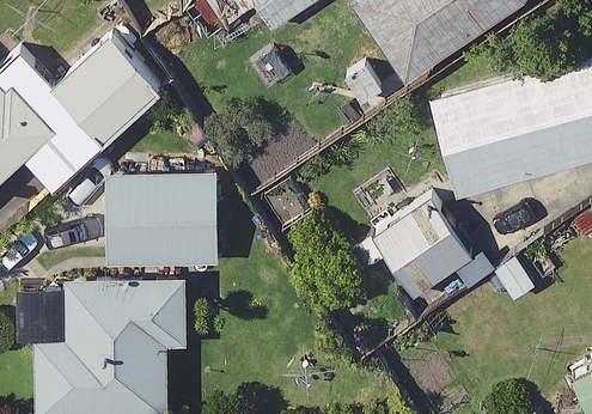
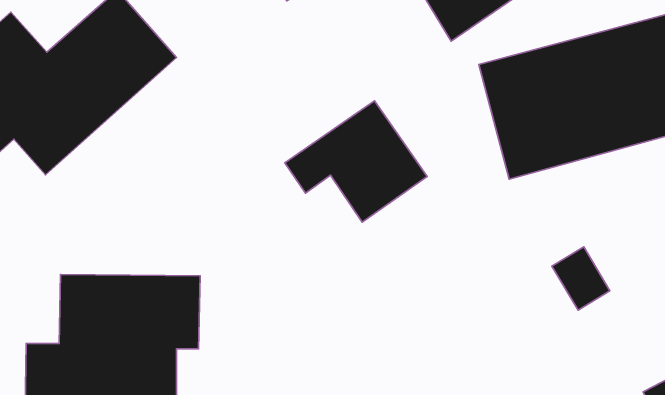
building: [108,175,218,263] -> none
building: [348,194,471,299] -> [285,101,427,222]

